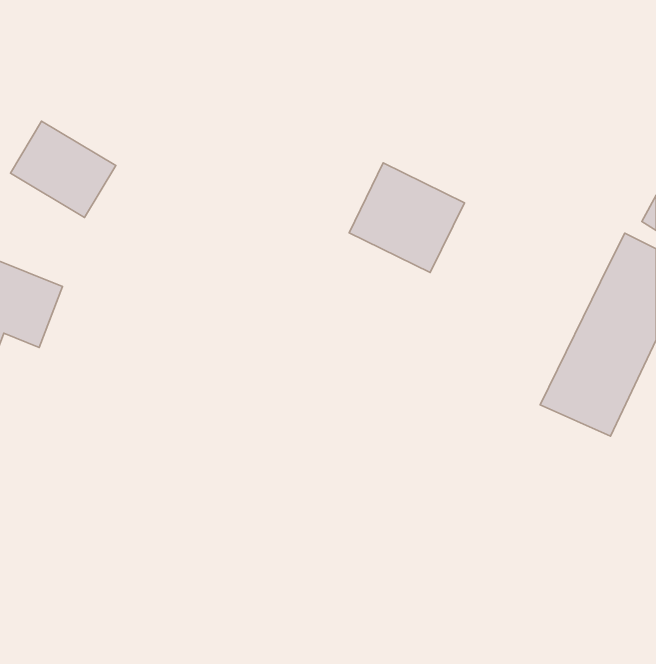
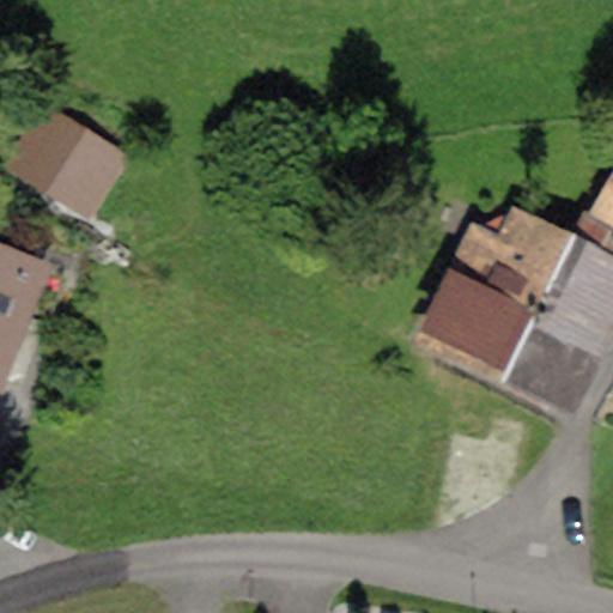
building: [349,163,464,273] -> none
building: none -> [421,219,560,374]

